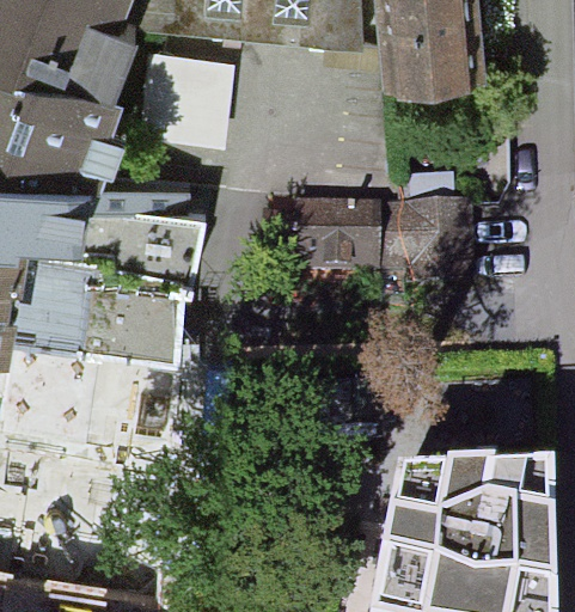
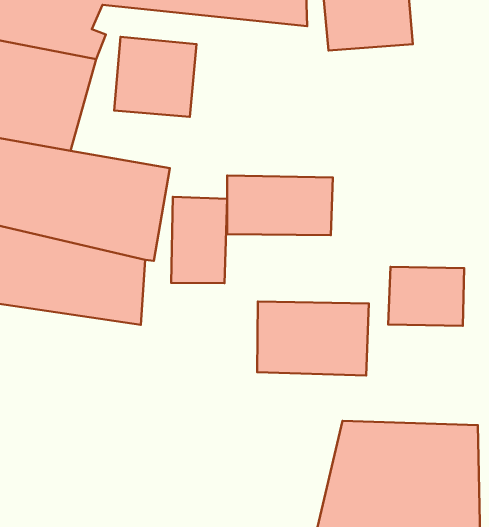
building: [386,203,471,269] -> [388,267,464,326]
building: none -> [171,197,227,283]
building: none -> [257,301,369,376]

